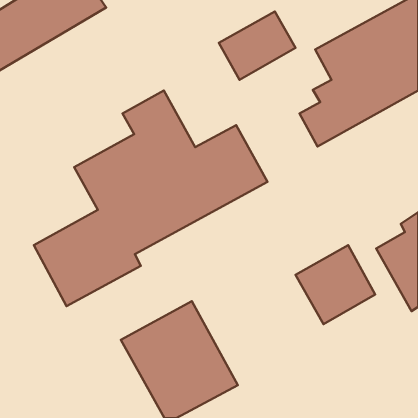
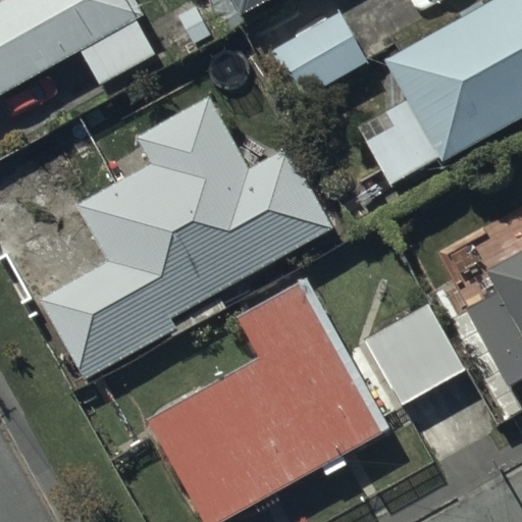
building: none -> [238,285,383,477]

